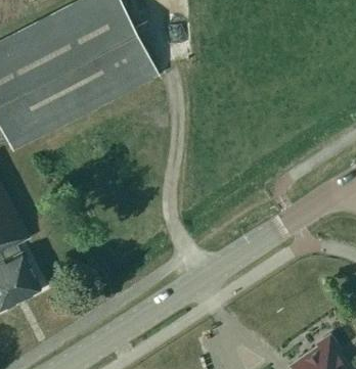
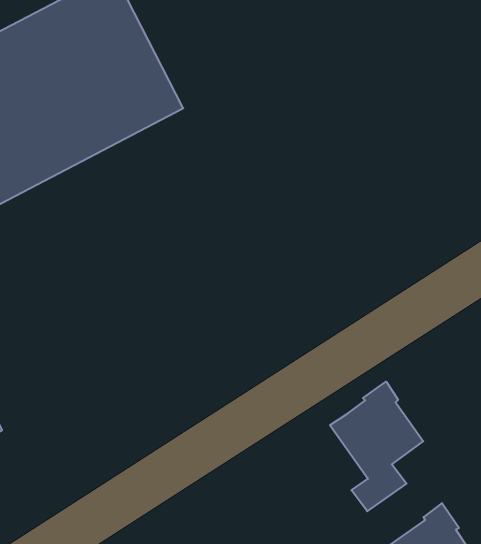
building: none -> [330,382,423,511]

